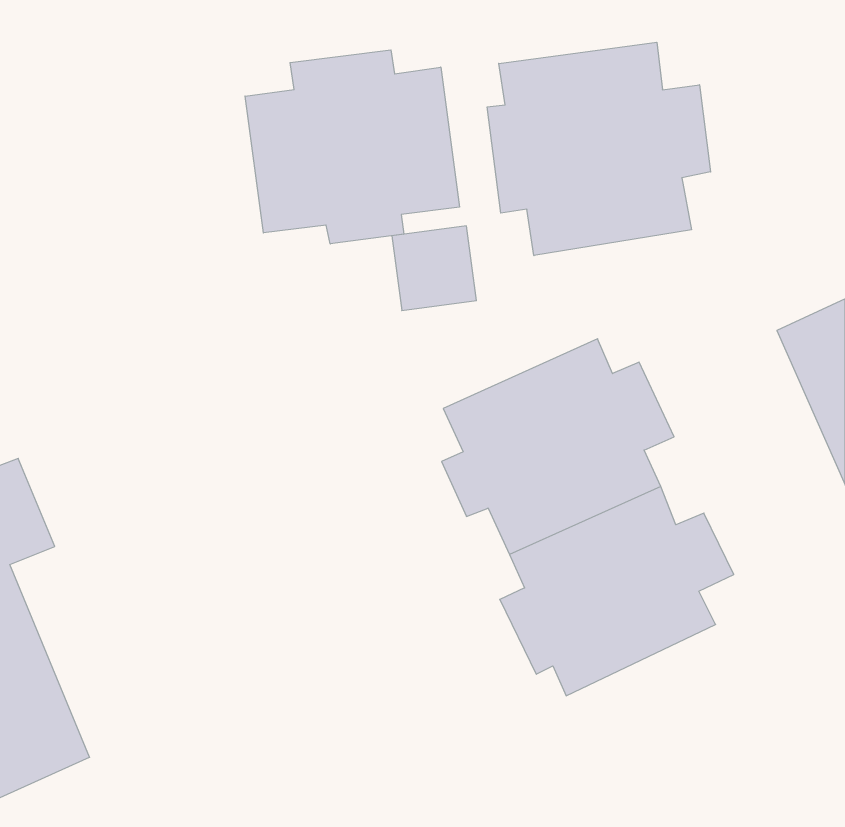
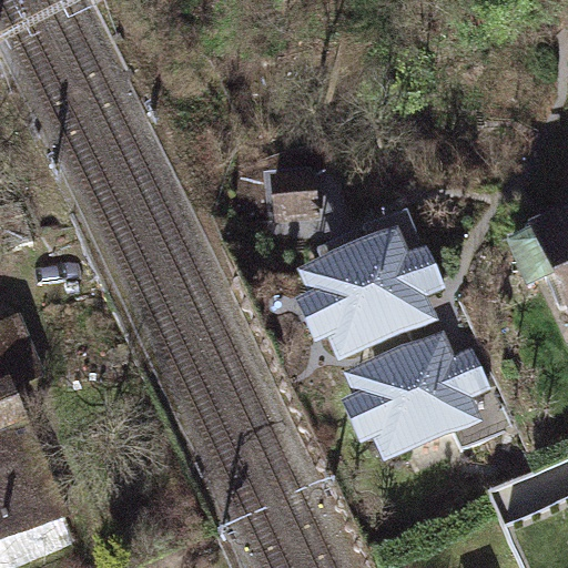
building: [487,42,711,256] -> none
building: [245,50,459,244] -> none

